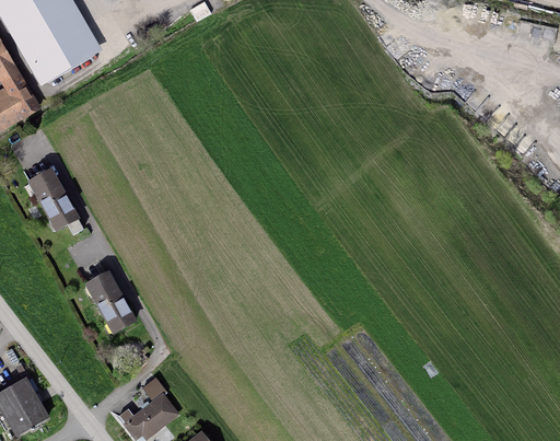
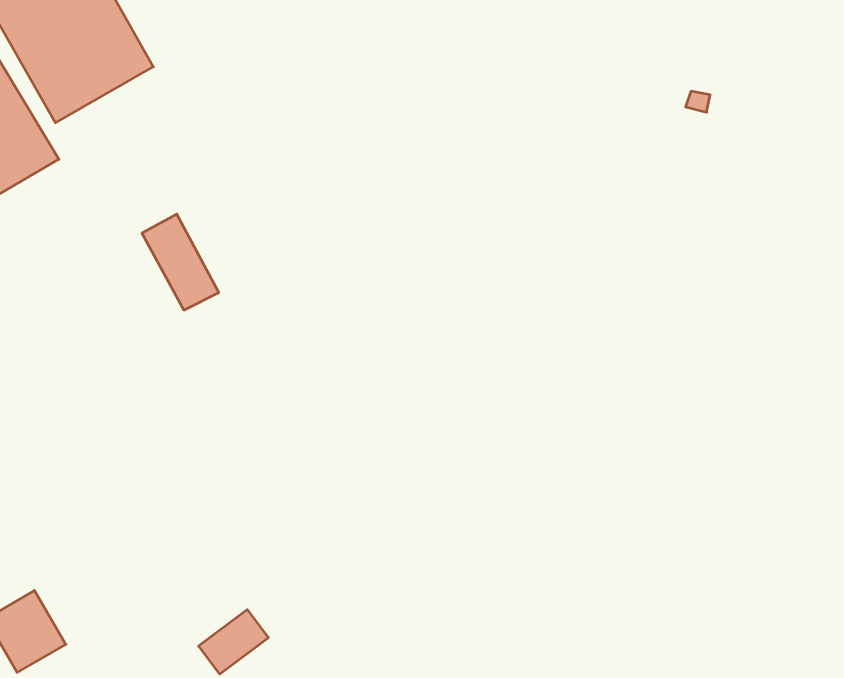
building: [28,169,77,229] -> [142,214,219,310]
building: [90,274,138,333] -> none

